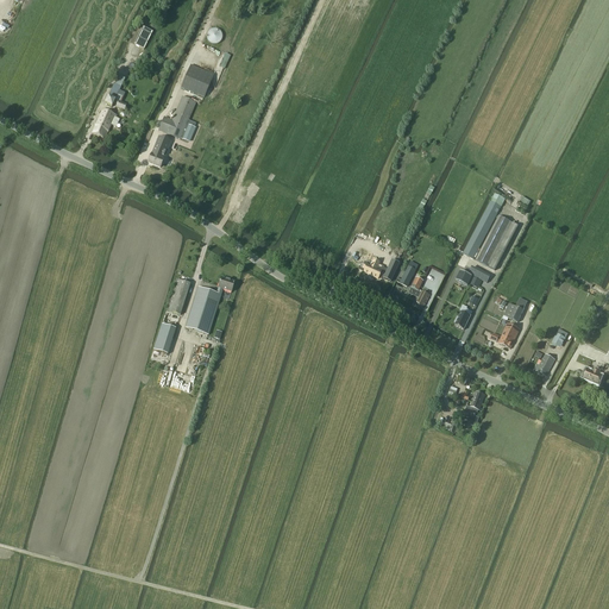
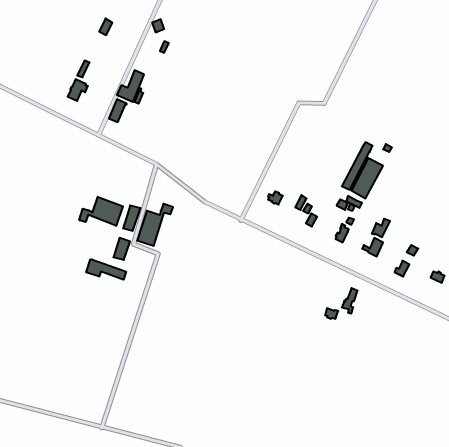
building: [180,63,213,95] -> none
building: none -> [79,197,123,226]
building: none -> [86,259,126,280]

